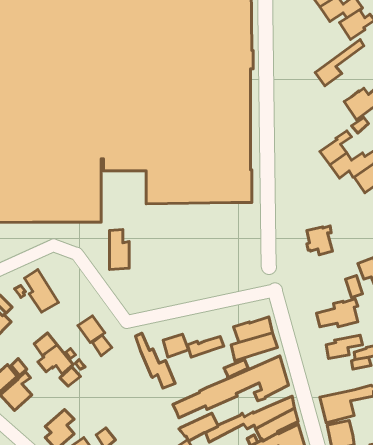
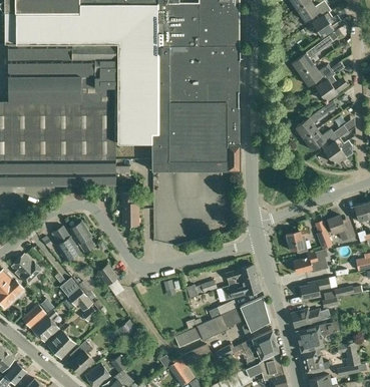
building: none -> [300,64,335,85]
building: [307,226,332,255] -> [287,230,308,254]
building: none -> [69,222,95,253]
building: [135,333,175,388] -> none
building: none -> [291,308,330,327]
building: none -> [48,331,75,359]

